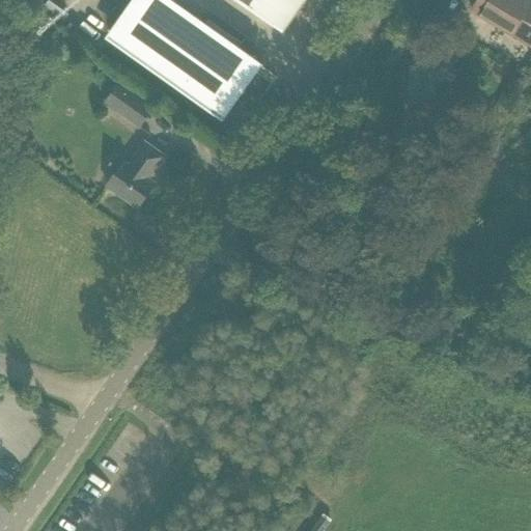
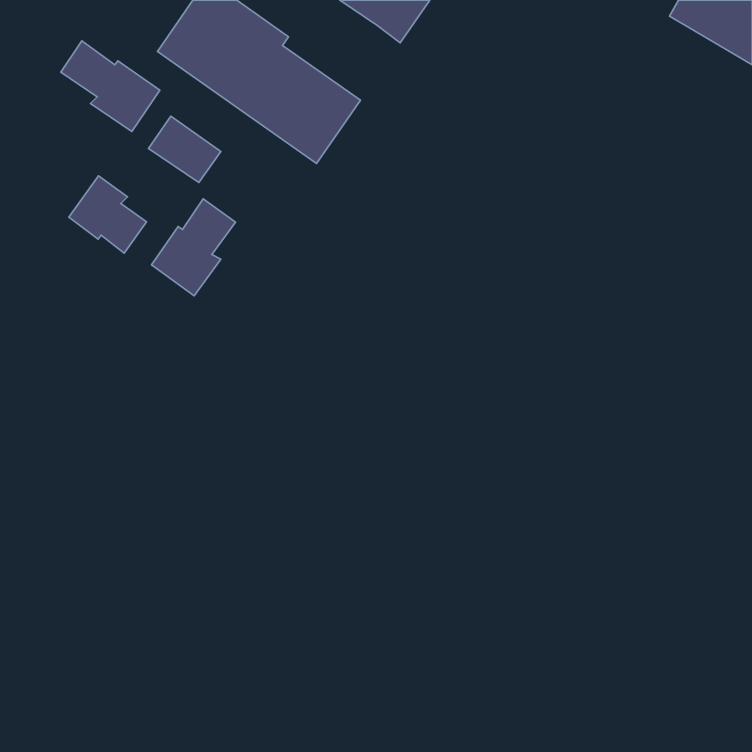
building: none -> [61,41,160,132]
building: none -> [69,176,146,253]

